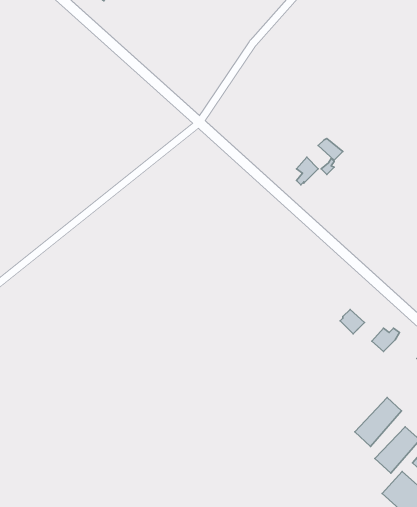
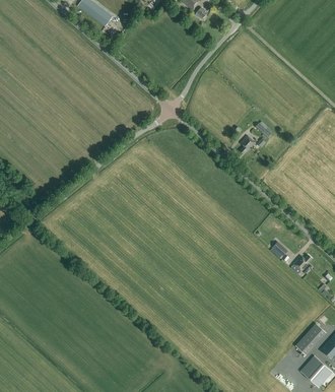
building: [355,398,402,446] -> none

